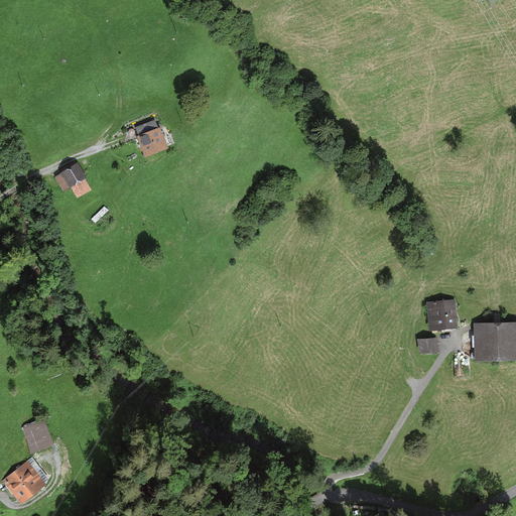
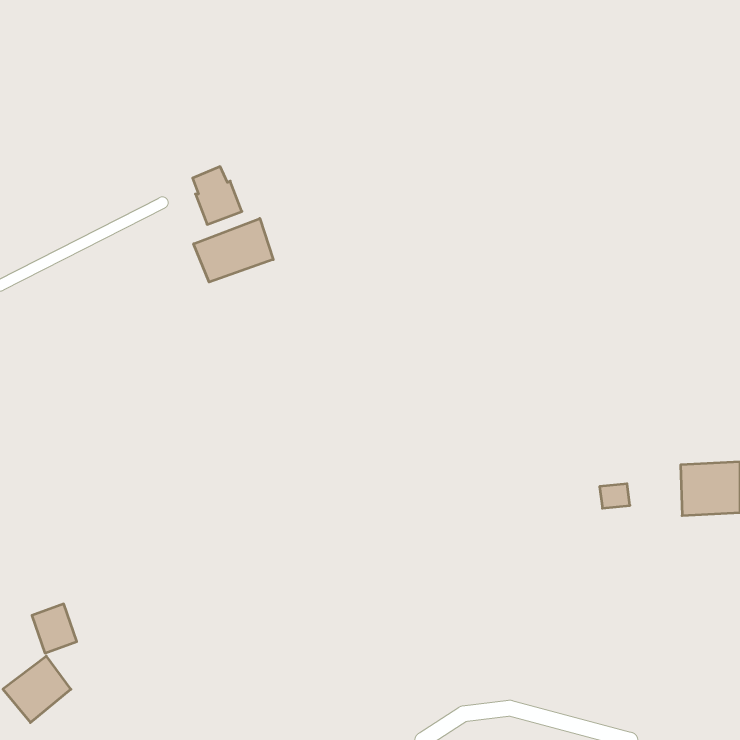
building: none -> [194,218,273,282]
building: [54,161,91,198] -> none
building: [427,299,458,329] -> none

